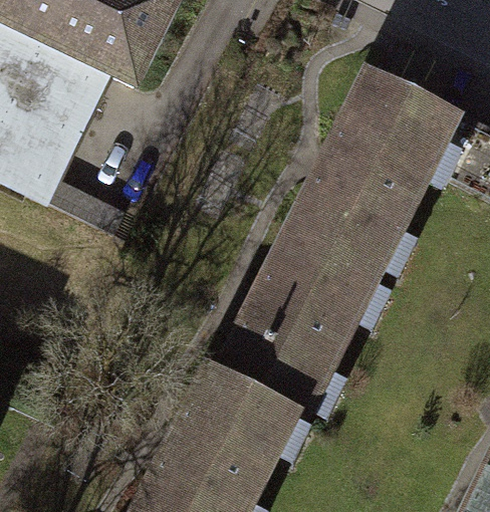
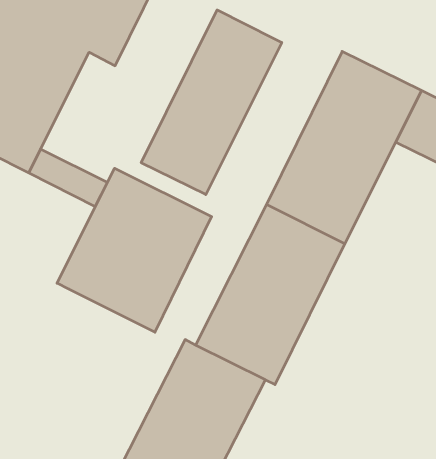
building: none -> [141,10,282,195]
building: none -> [57,168,212,332]

